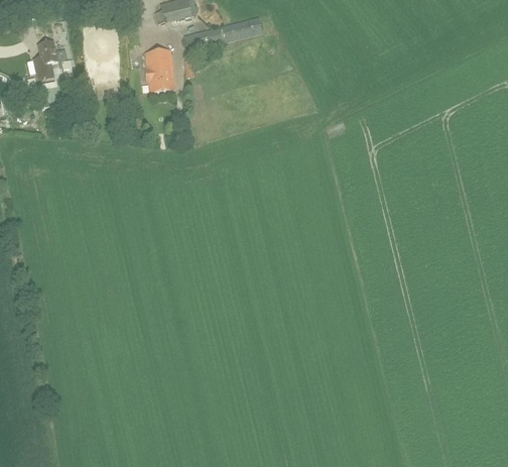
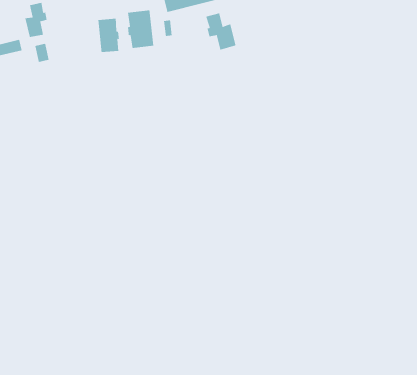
building: none -> [206,13,236,50]
building: none -> [98,18,119,53]

